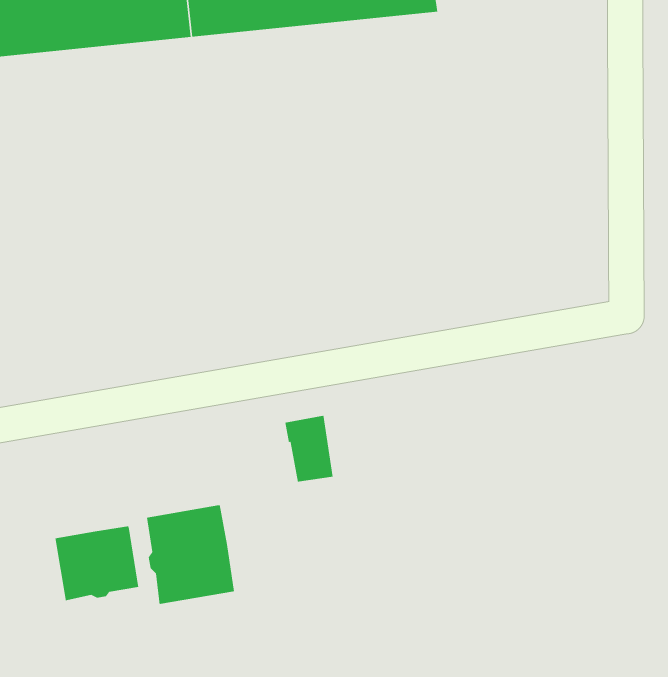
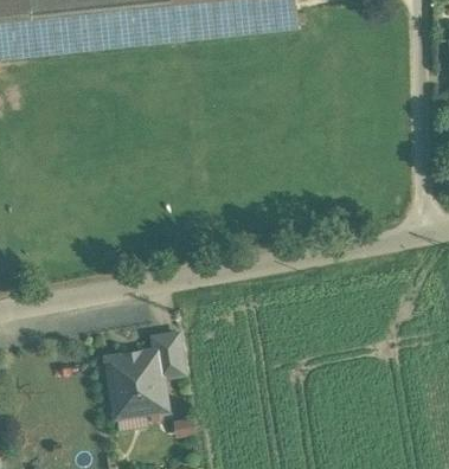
building: [284,415,333,482] -> [152,333,184,377]
building: [55,526,139,601] -> none

